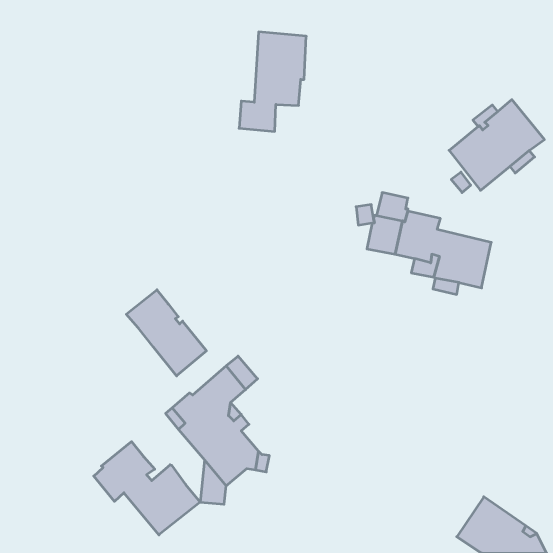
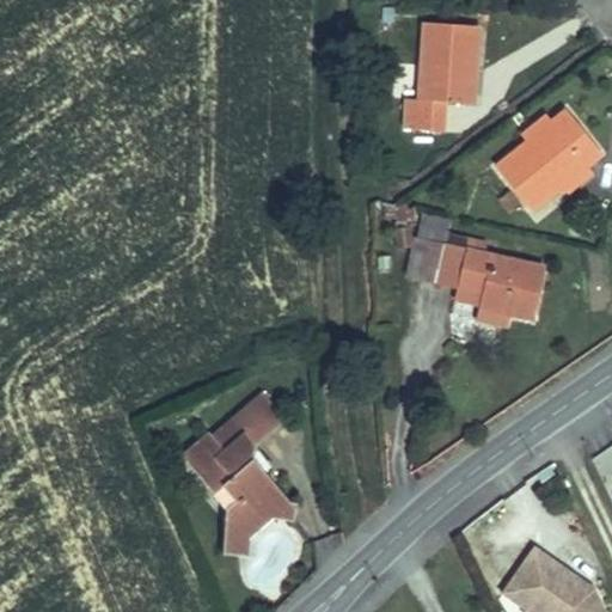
building: [239,32,306,131] -> [403,22,477,131]
building: [126,290,206,376] -> none
building: [94,442,200,535] -> none

